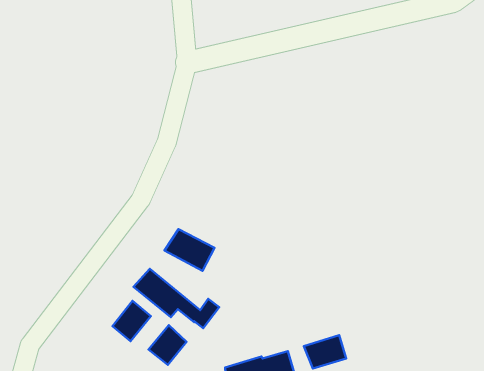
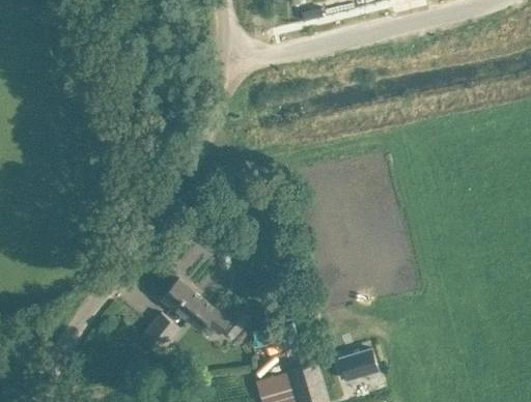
building: [164,229,214,271] -> none
building: [149,325,187,365] -> none

